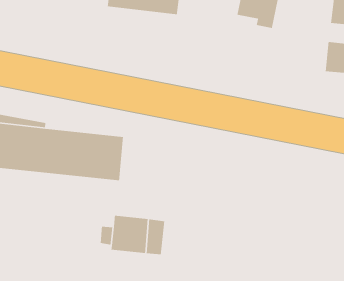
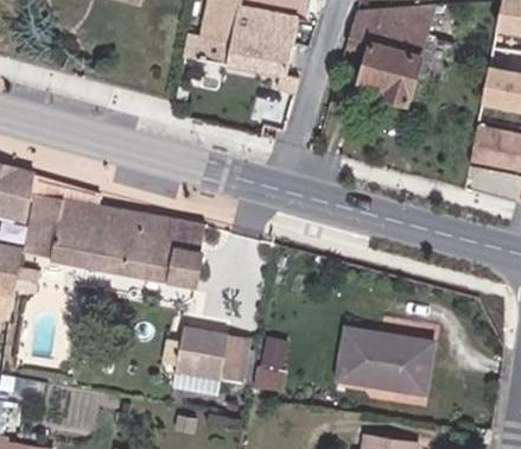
building: none -> [338,328,433,394]
building: none -> [260,334,296,390]

